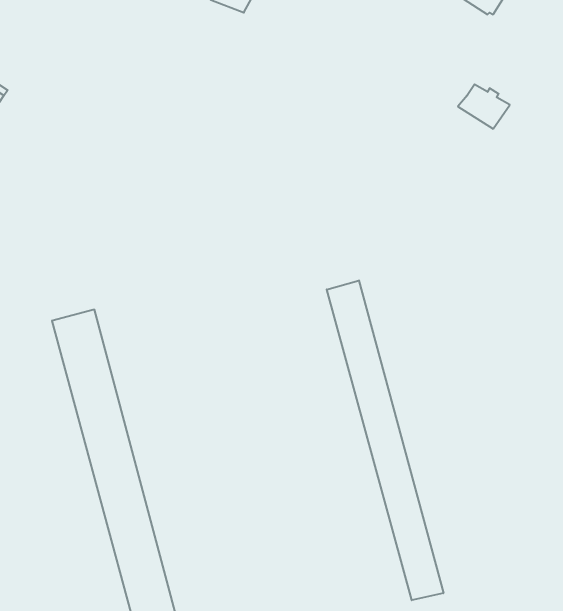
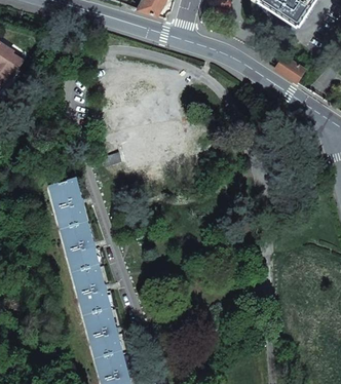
building: [327,280,443,600] -> none

